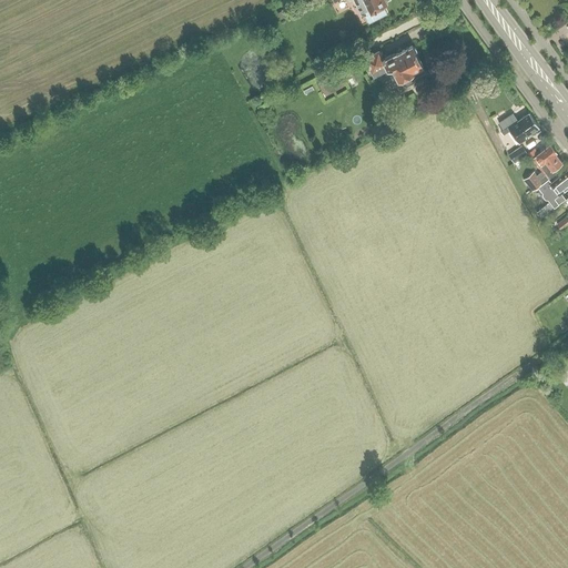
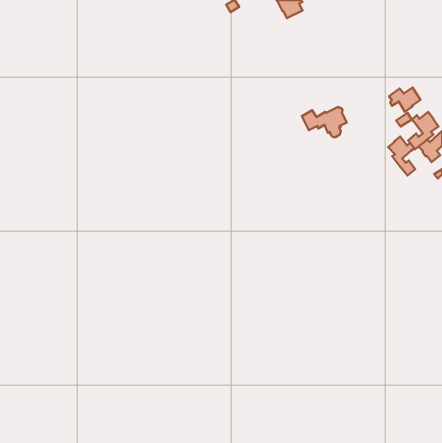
building: [364,45,422,84] -> [302,107,347,137]
building: none -> [388,136,415,175]

